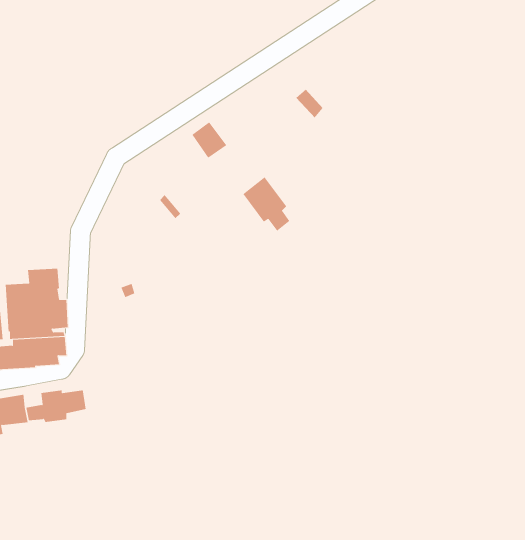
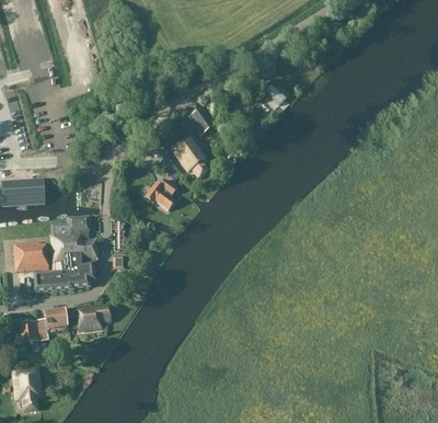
building: [243,177,290,231] -> [172,136,207,176]
building: none -> [145,179,176,210]

